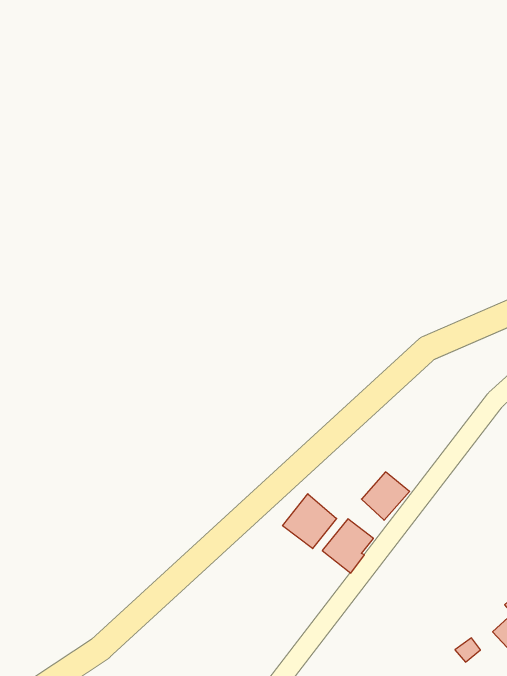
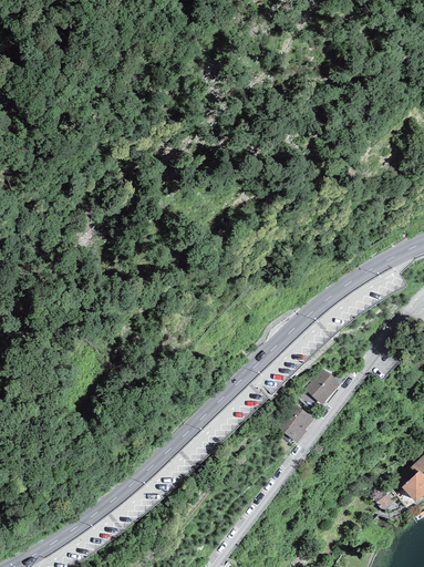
building: [283,494,337,549] -> none

